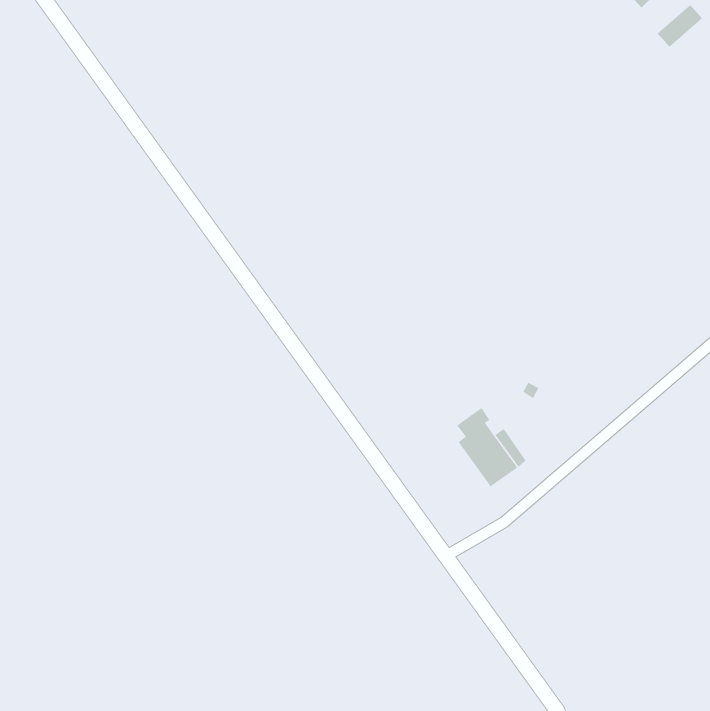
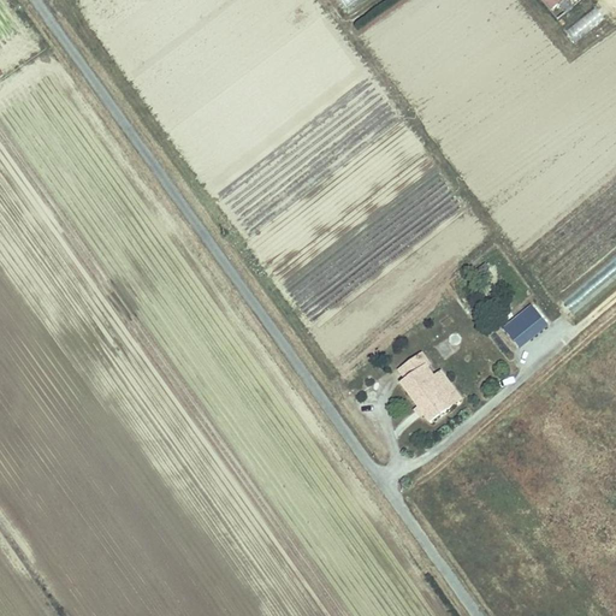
building: none -> [508,301,553,346]

